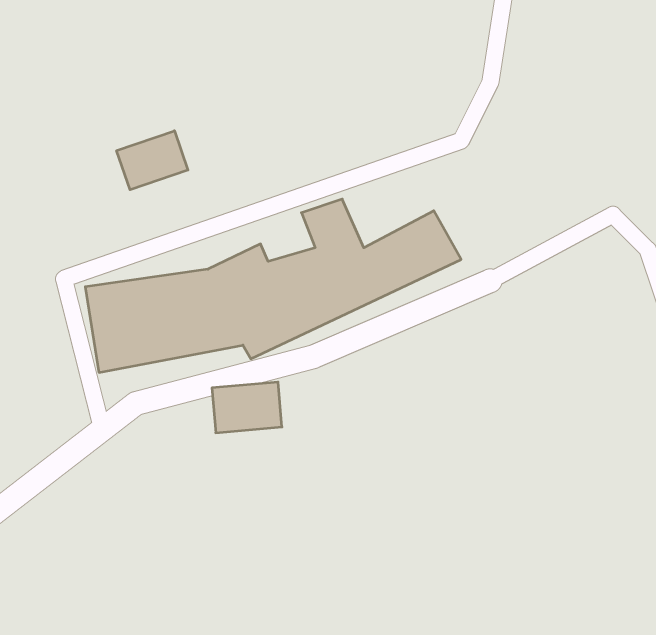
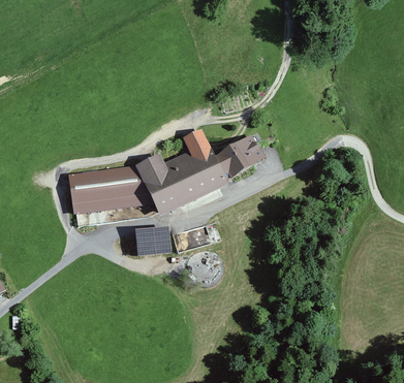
building: [117,131,188,190] -> none

